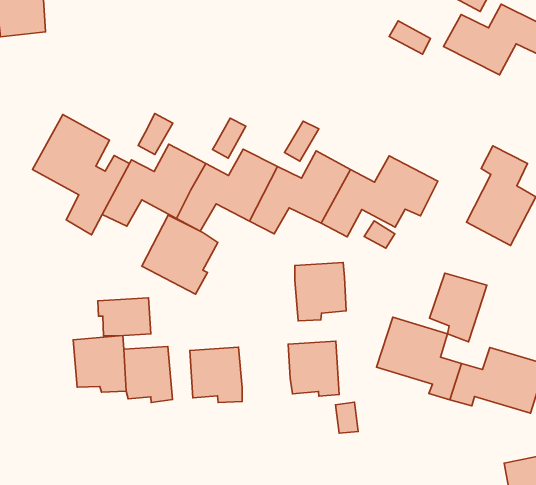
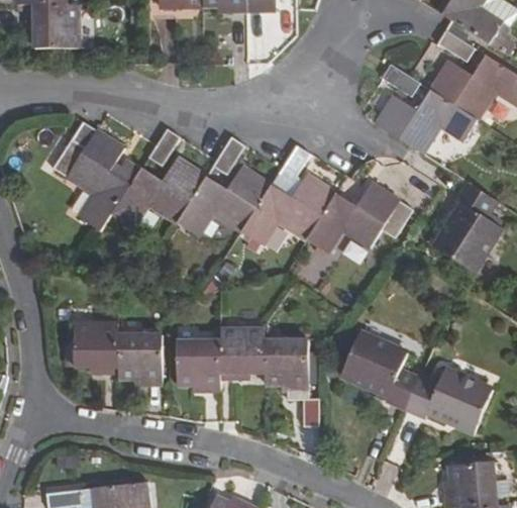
building: none -> [376,91,476,155]
building: [142,215,218,294] -> none
building: [295,262,346,321] -> [223,329,268,380]
building: [429,273,487,342] -> none
building: [98,298,151,336] -> none

